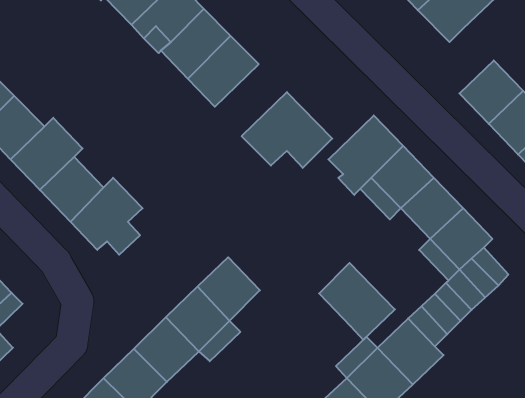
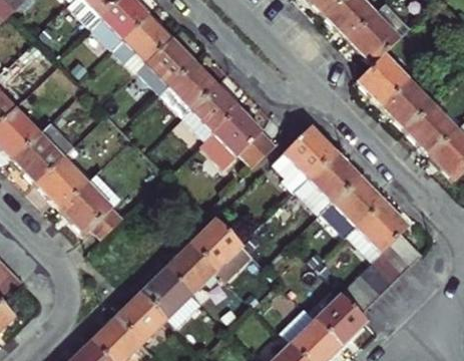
building: none -> [356,54,409,107]
building: none -> [180,83,240,142]
building: [319,263,395,340] -> [191,217,254,280]

